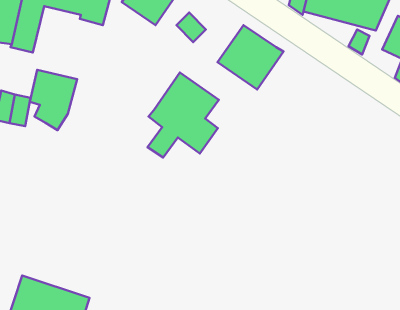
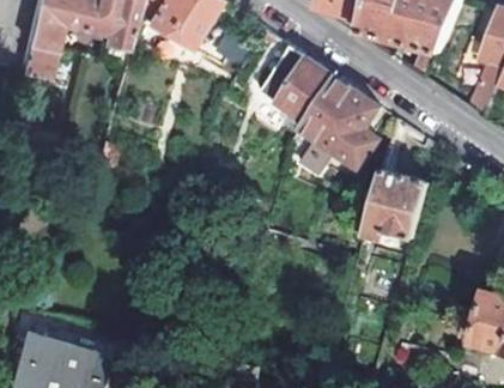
building: [30,70,77,130] -> none
building: [147,72,219,158] -> [297,78,378,175]
building: none -> [363,169,427,243]

